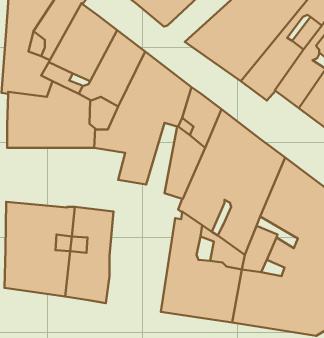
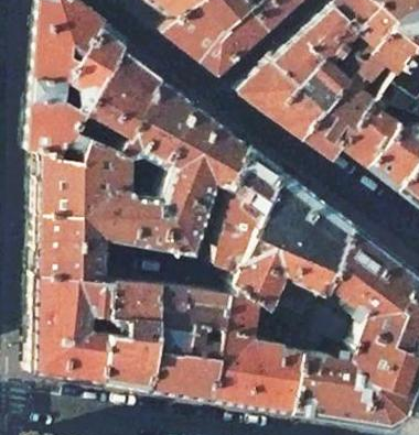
building: none -> [35,214,171,282]
building: none -> [149,286,228,401]

